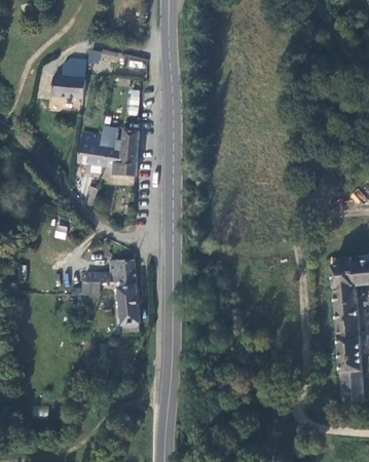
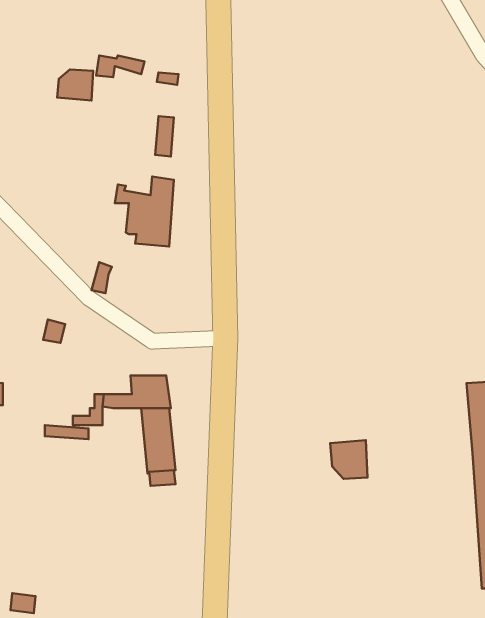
building: [51,76,85,98] -> none
building: [78,130,109,165] -> none
building: none -> [330,440,368,479]

